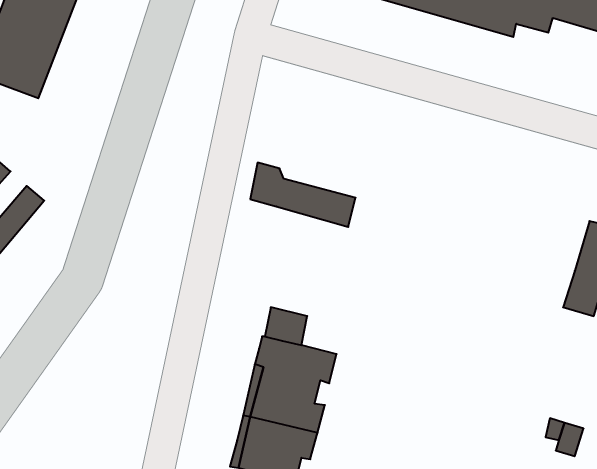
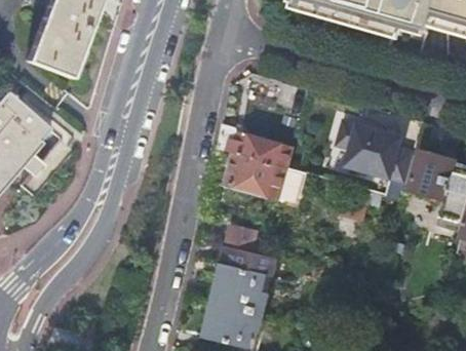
building: none -> [340,120,406,180]
building: none -> [413,152,458,199]
building: none -> [229,154,309,200]

